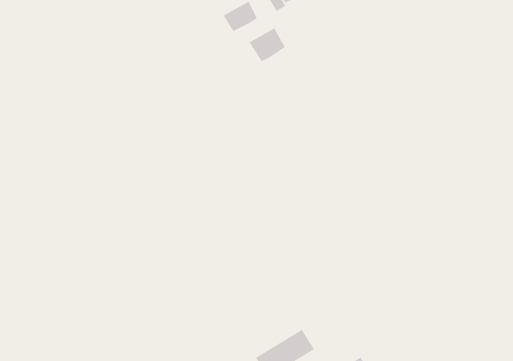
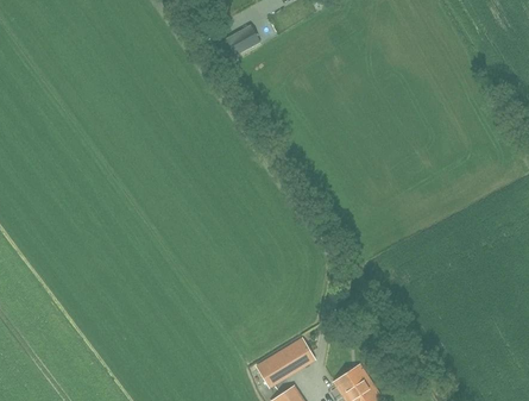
building: [249,28,285,62] -> none

